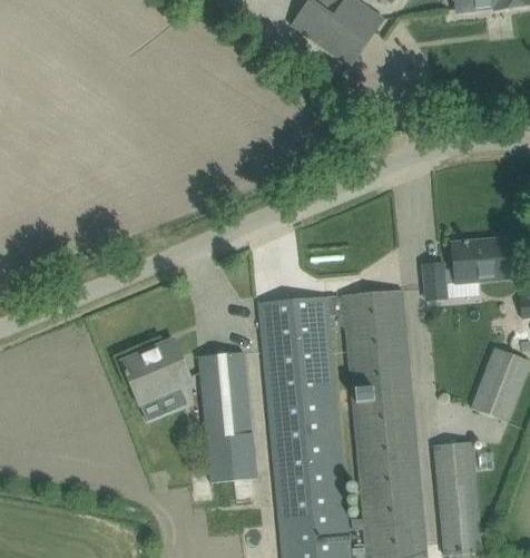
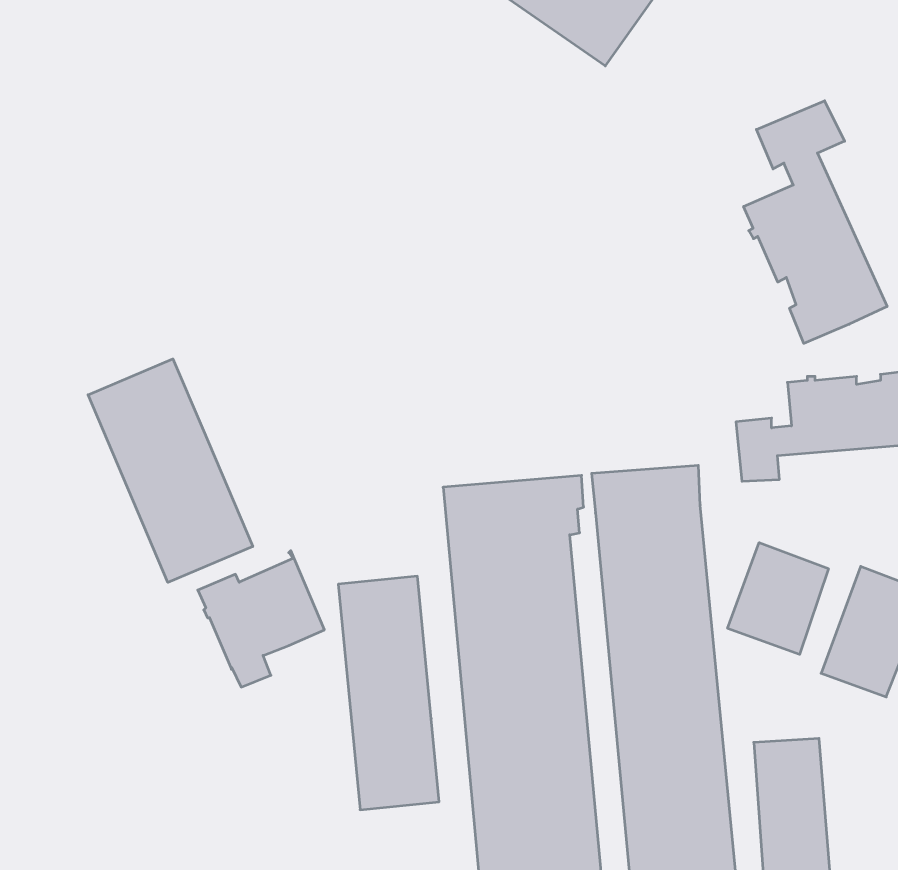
building: none -> [744,101,887,343]
building: none -> [88,359,253,582]
building: none -> [728,543,828,654]

